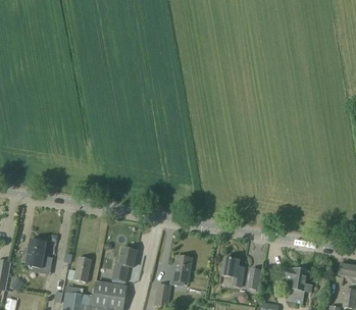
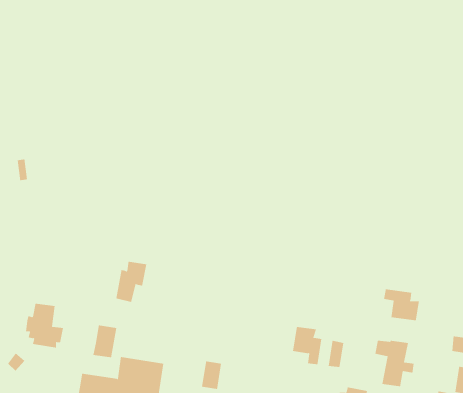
building: none -> [383,289,420,321]
building: [112,248,136,278] -> [115,261,147,303]
building: [169,255,190,283] -> none

